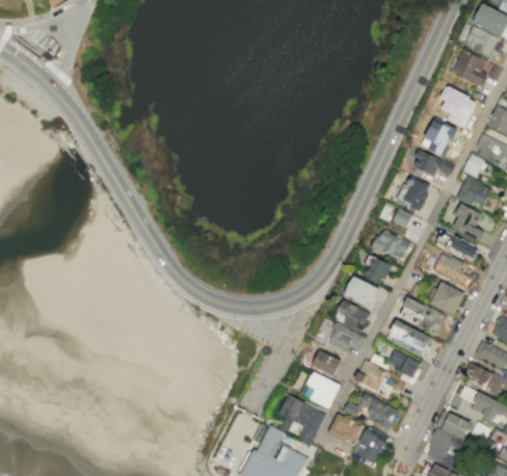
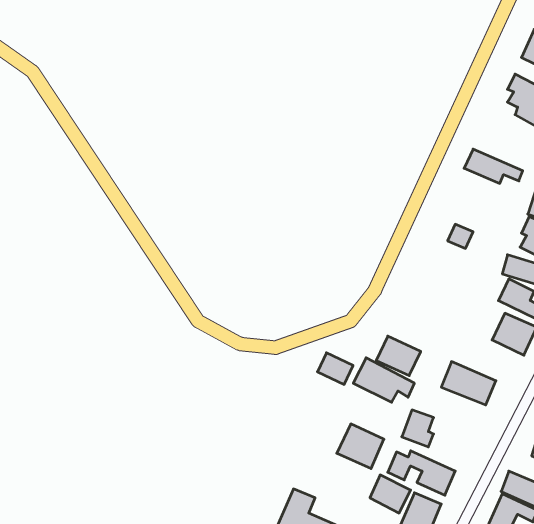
building: [421,118,457,156] -> none
building: [395,175,431,211] -> none
building: [372,229,409,261] -> none
building: [362,255,392,284] -> none
building: [344,275,379,308] -> none
building: [399,297,445,332] -> none
building: [312,349,341,375] -> [317,353,353,384]
building: [386,349,421,377] -> none
building: [278,394,326,445] -> none

